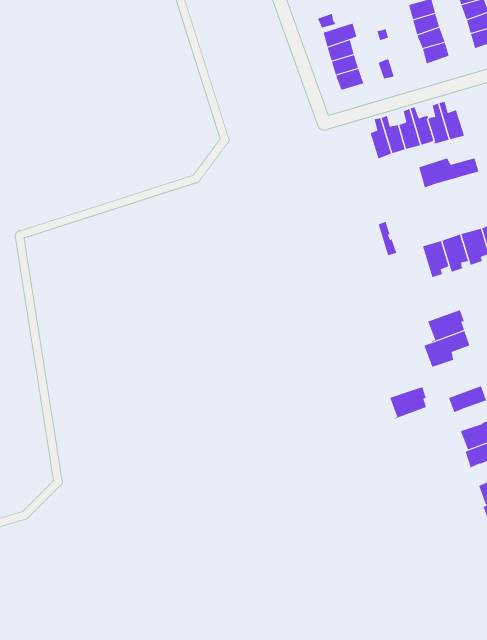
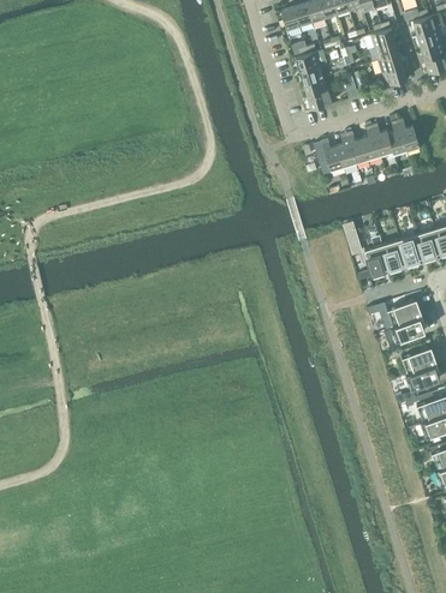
building: none -> [314,138,345,172]
building: [419,157,479,188] -> none
building: none -> [365,244,392,277]
building: [390,386,427,420] -> [403,347,435,376]

